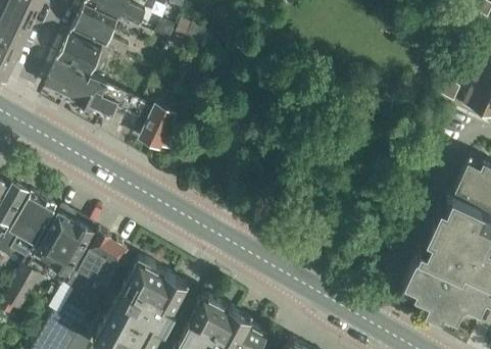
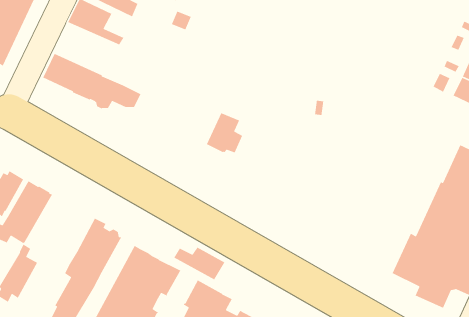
building: [57,38,100,77] -> none
building: [139,107,177,149] -> [206,112,243,153]
building: [35,211,93,284] -> none
building: none -> [173,246,225,281]

